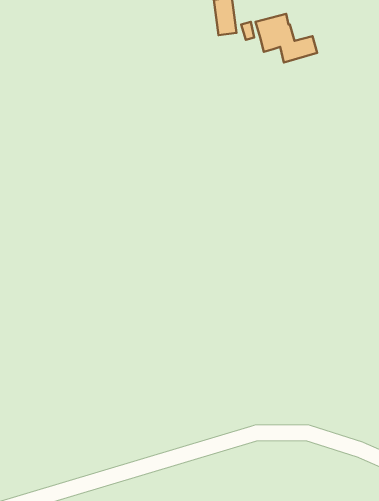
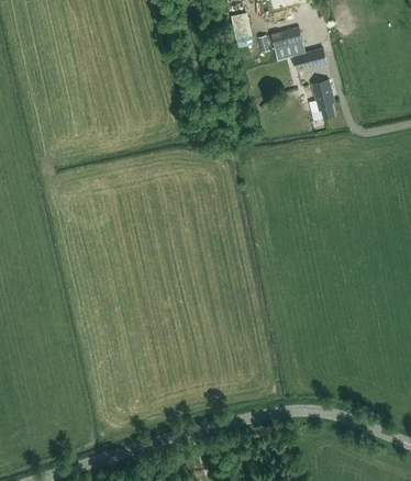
building: none -> [311,80,334,118]

